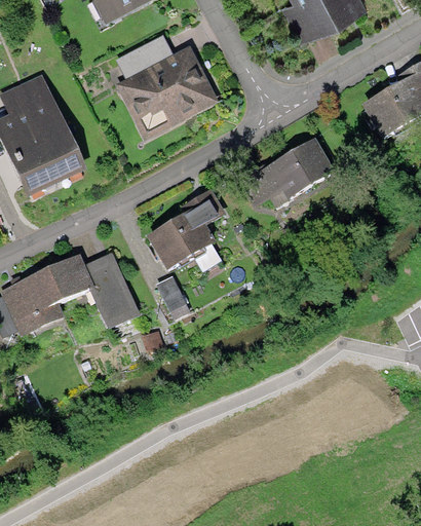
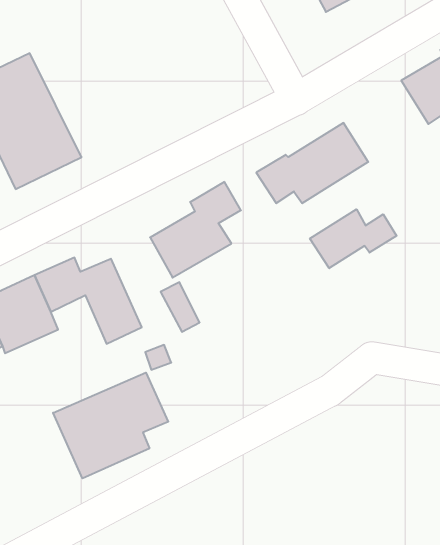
building: [114,33,218,141] -> none
building: none -> [310,209,397,268]
building: none -> [53,373,168,478]

